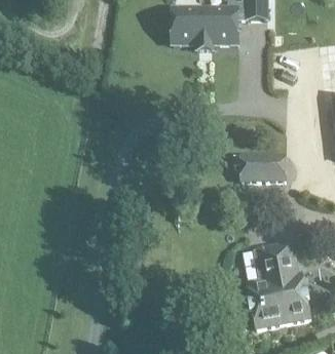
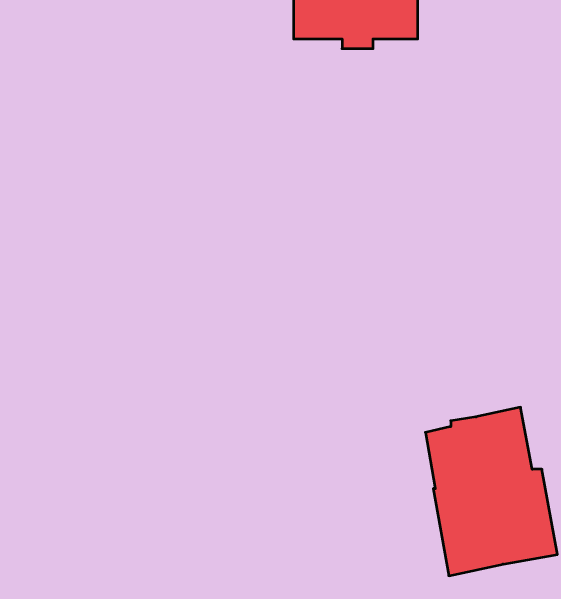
building: [241,153,287,183] -> none

